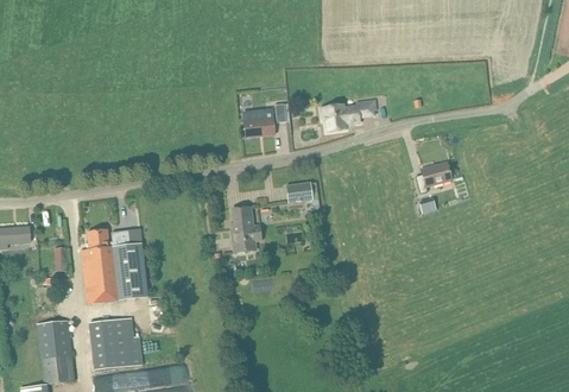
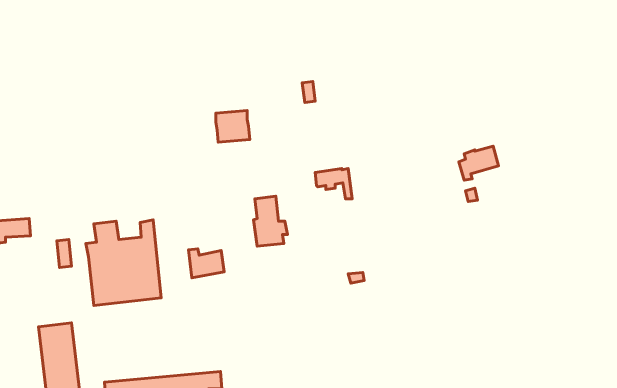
building: [321,99,375,129] -> none
building: [244,107,274,135] -> [216,110,250,142]
building: none -> [188,249,224,278]
building: [88,316,143,369] -> none

